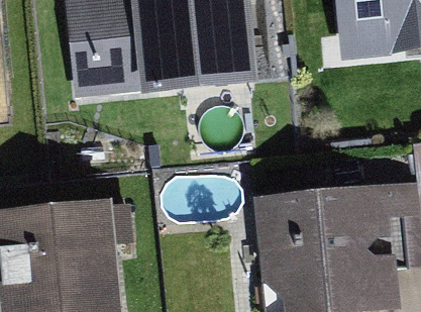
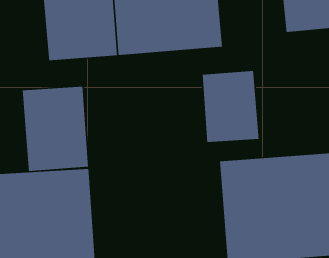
building: none -> [202,70,259,143]
building: none -> [22,86,89,172]

